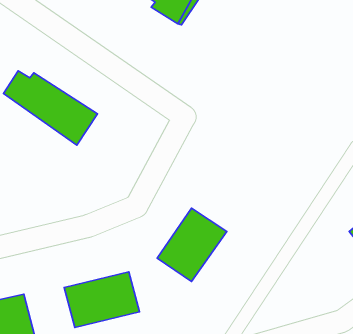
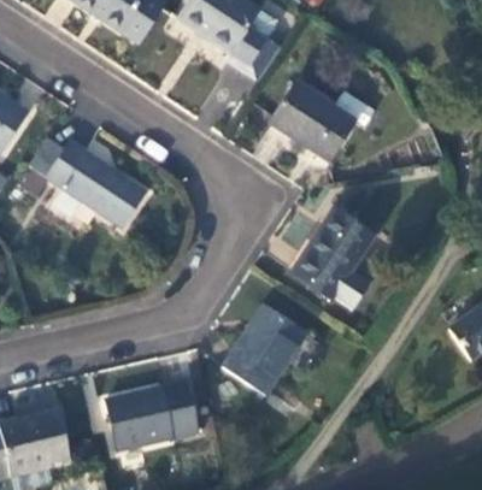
building: none -> [268,77,355,159]
building: none -> [294,209,375,297]

